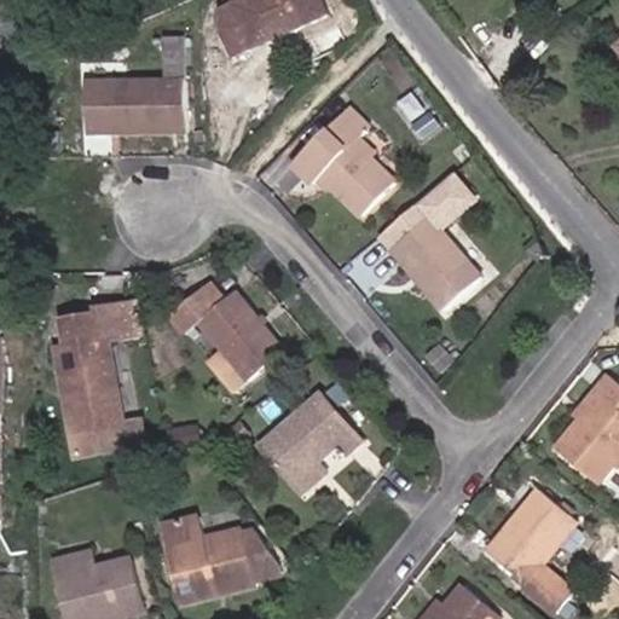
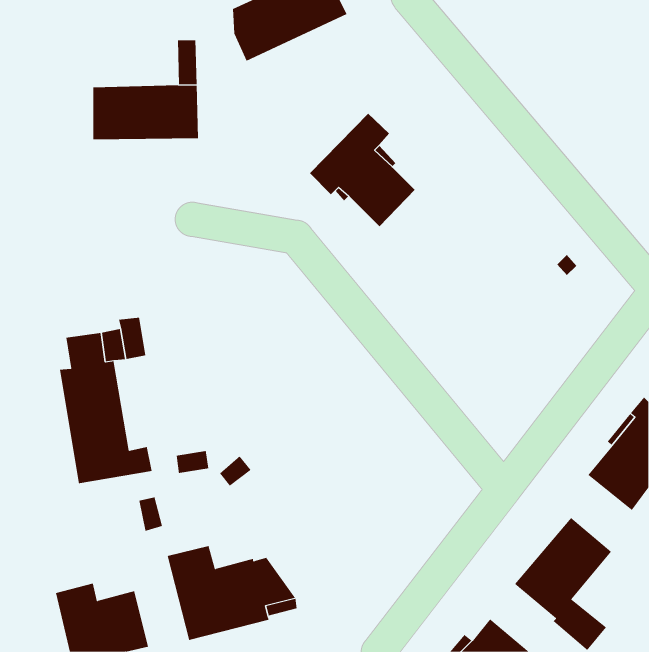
building: [376,172,479,310] -> none
building: [168,280,282,380] -> none
building: [259,393,359,491] -> none

